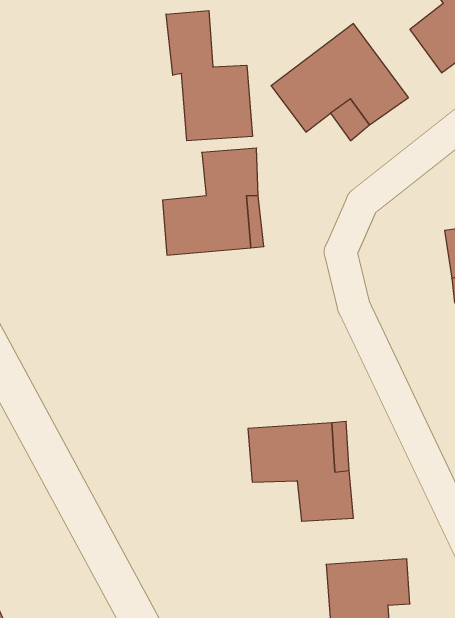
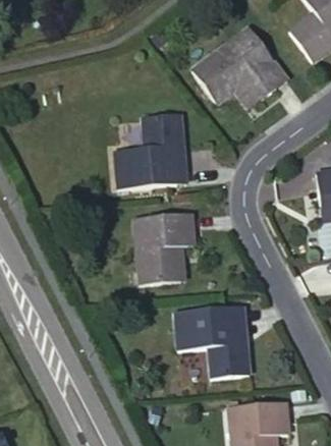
building: [166,11,252,141] -> none
building: none -> [135,213,195,283]

